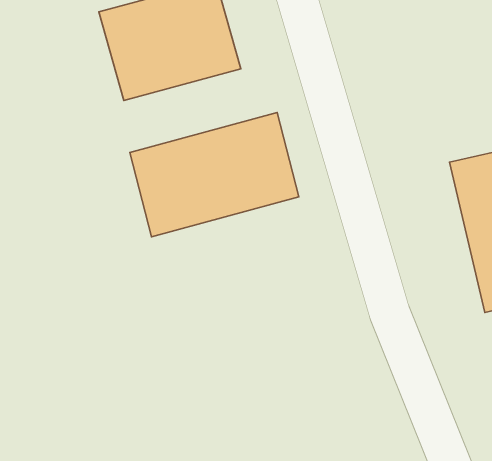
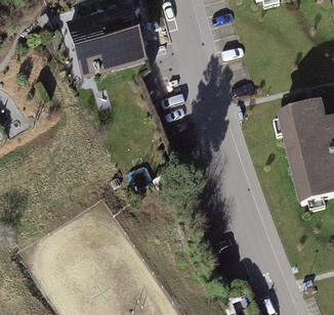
building: [130,113,299,237] -> none

